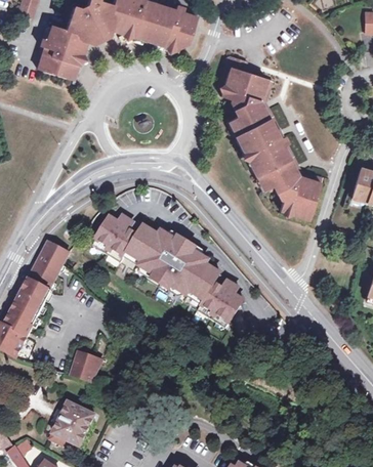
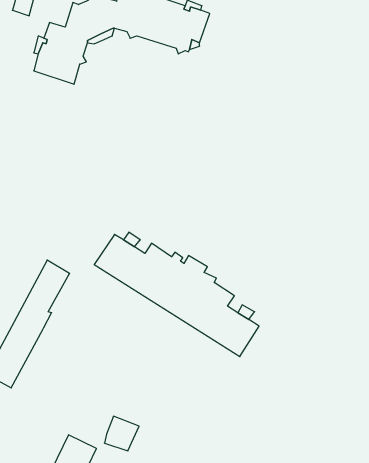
building: [220,55,323,219] -> none
building: [73,352,105,384] -> [104,416,139,451]

